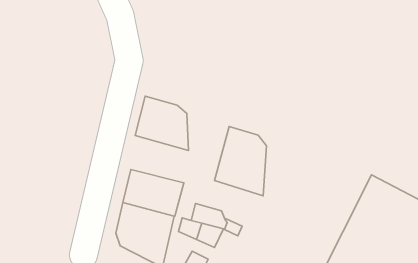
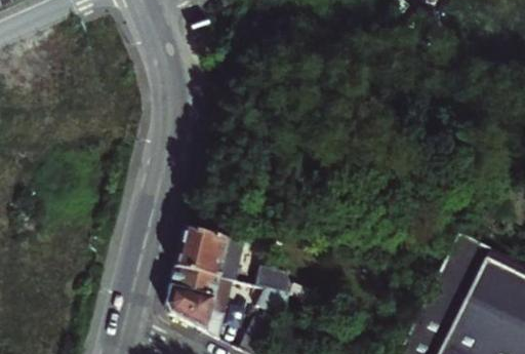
building: [135,96,189,150] -> none
building: [214,126,266,196] -> none

